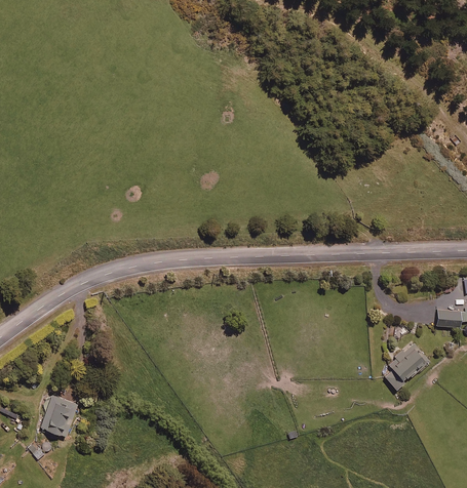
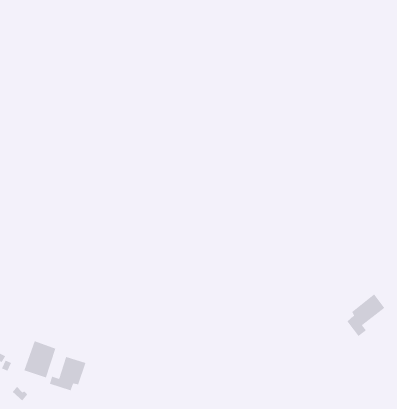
building: none -> [49,356,86,391]

